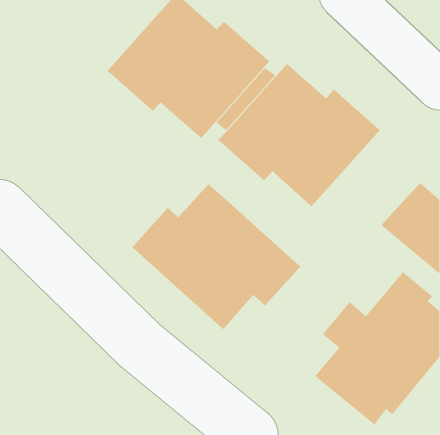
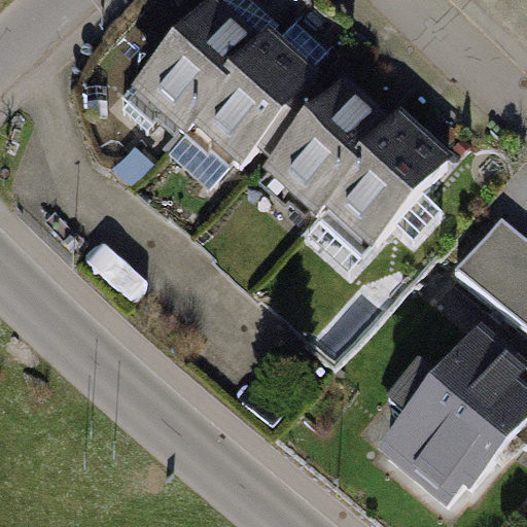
building: [131,183,301,330] -> none

